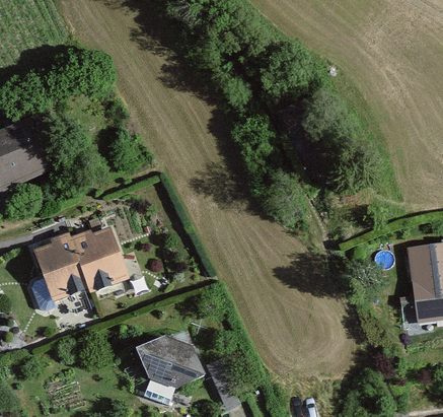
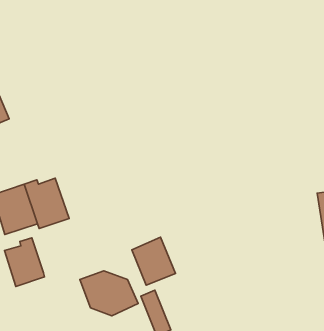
building: none -> [132,237,175,285]
building: none -> [5,238,45,287]

